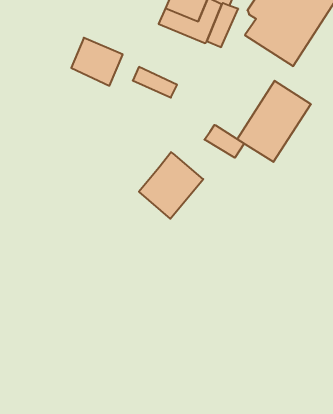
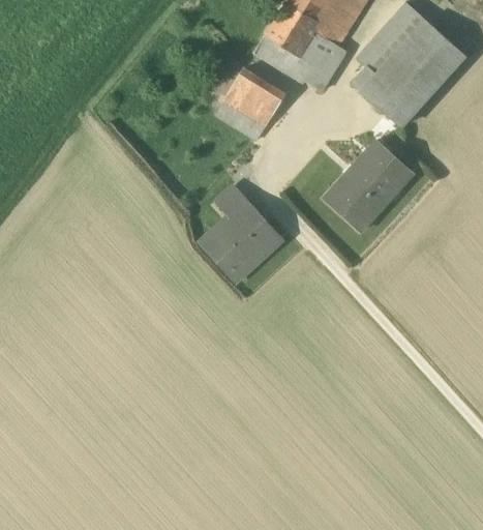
building: [71,38,123,86] -> [224,68,285,127]
building: [204,125,244,158] -> none
building: none -> [217,186,251,218]

